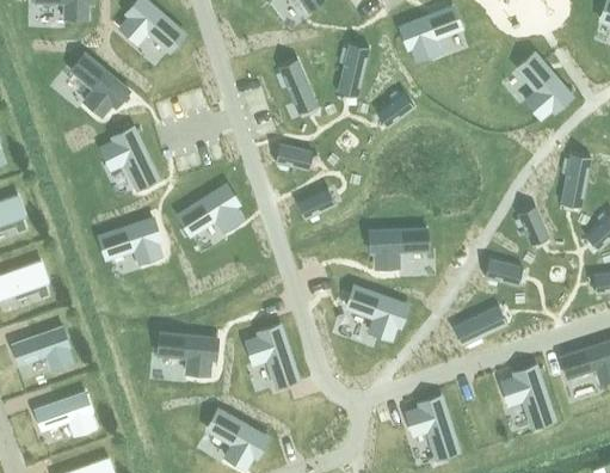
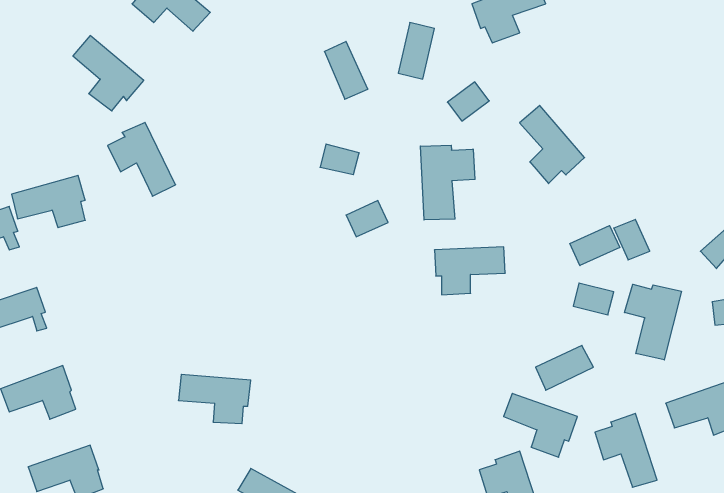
building: [517,54,571,118] -> [520,105,585,184]
building: none -> [420,145,475,220]
building: [562,153,591,199] -> none
building: [178,185,242,234] -> none
building: none -> [570,226,620,266]
building: [99,222,160,265] -> [12,175,85,228]
building: none -> [625,284,681,360]
building: [346,287,407,339] -> [504,393,577,457]
building: [246,325,297,387] -> none

